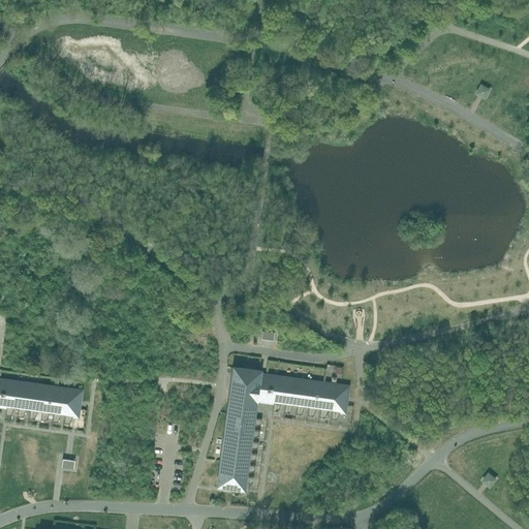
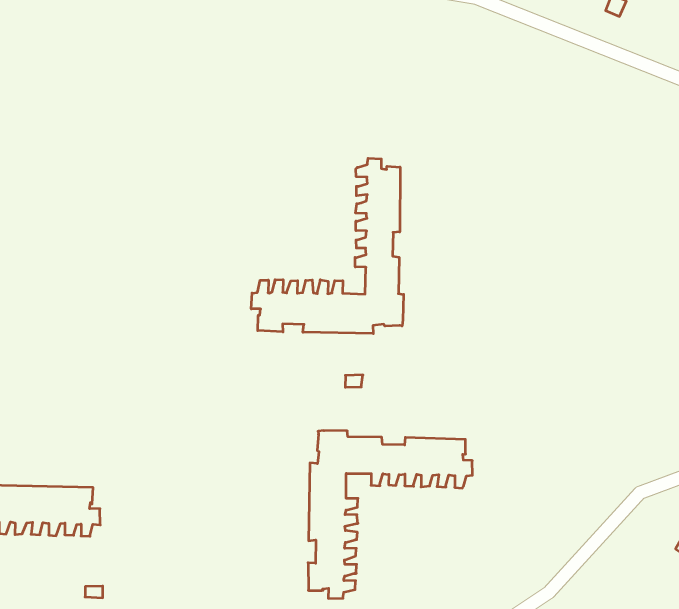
building: none -> [251,158,404,334]

